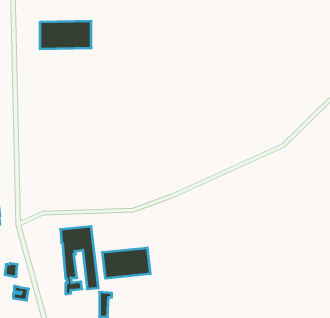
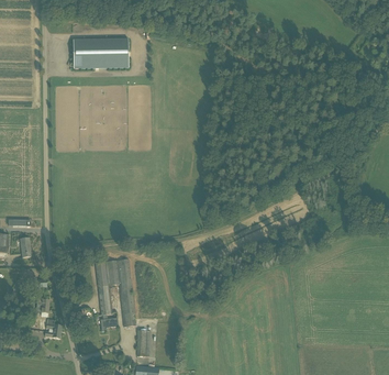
building: [102,248,150,278] -> none

